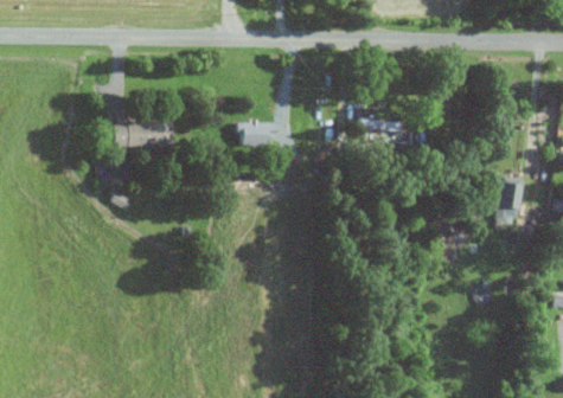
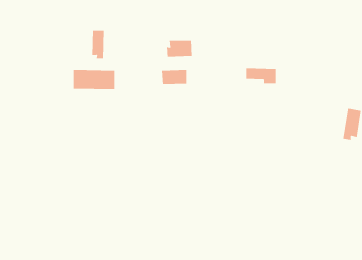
building: none -> [92,30,104,59]
building: none -> [167,40,192,57]

